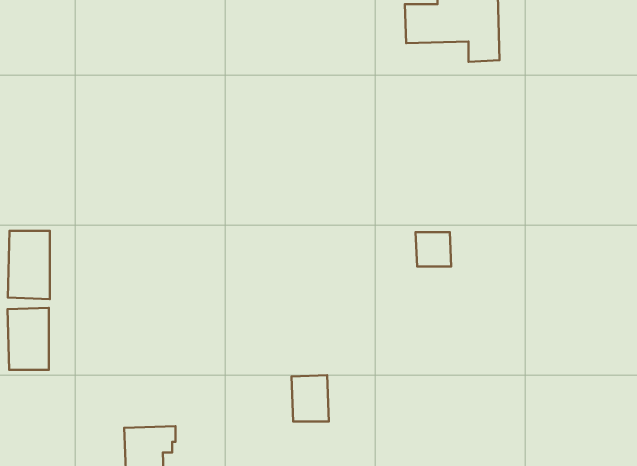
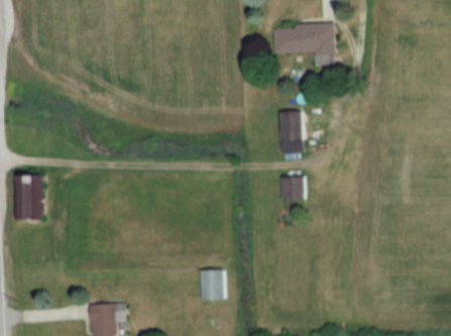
building: none -> [278,111,302,152]
building: [8,308,49,370] -> none

